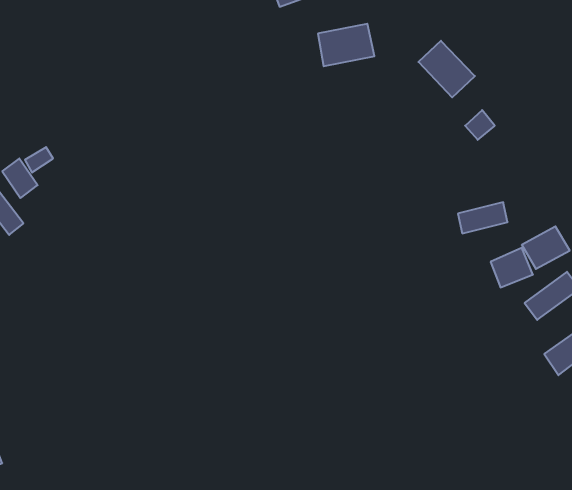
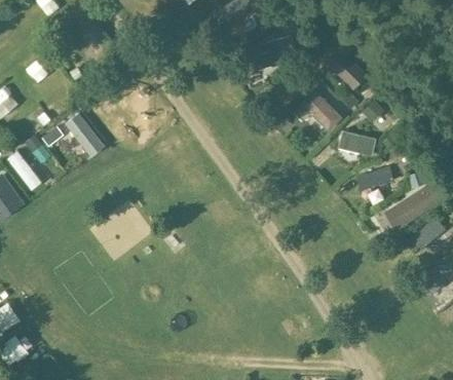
building: none -> [299,89,342,131]
building: none -> [66,112,103,157]
building: none -> [338,132,374,153]

